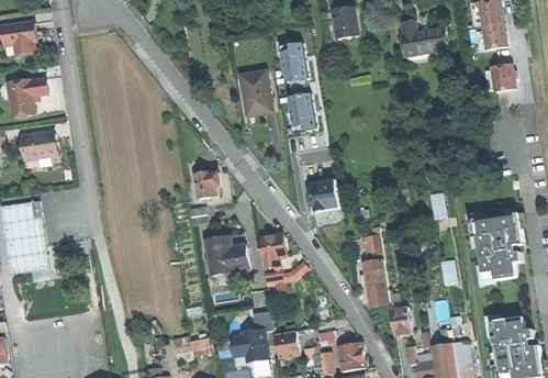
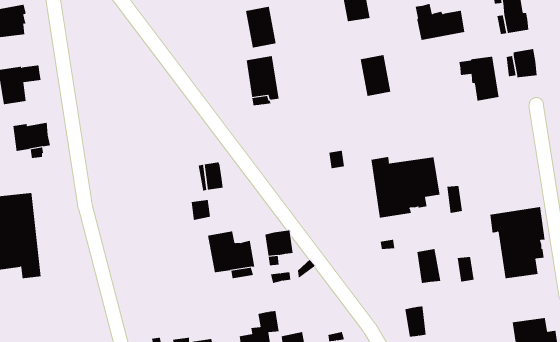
building: [278,42,307,81] -> [245,6,277,48]
building: none -> [459,56,499,102]
building: [286,92,315,132] -> [360,55,391,97]
building: none -> [371,156,440,219]
building: [307,179,338,210] -> none
building: [364,259,387,292] -> [417,248,441,283]

